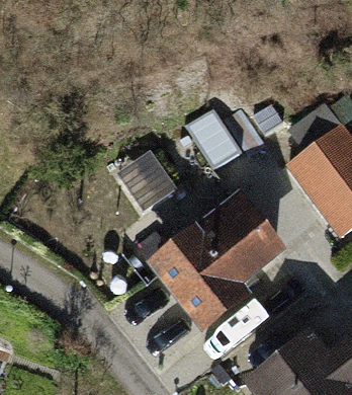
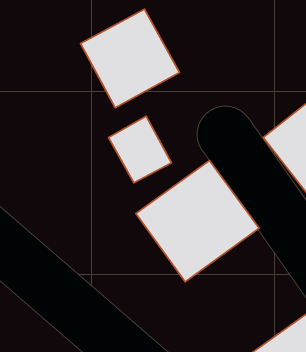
building: none -> [80,9,180,108]

